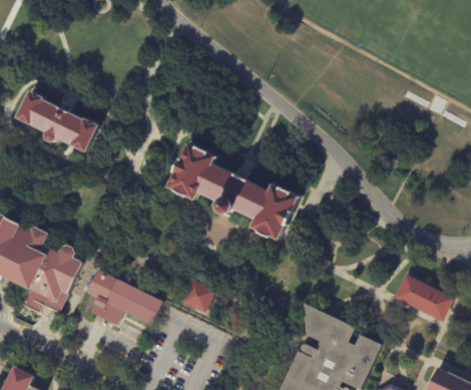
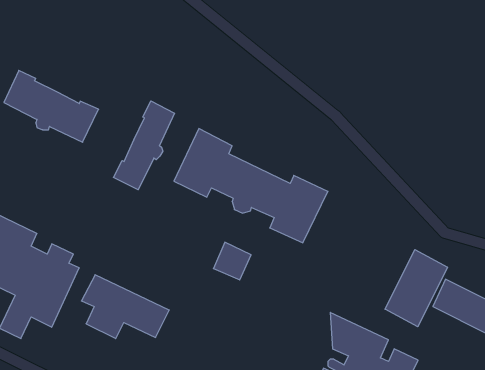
building: none -> [113,101,174,190]
building: none -> [385,250,447,327]
building: [180,279,213,312] -> [213,242,251,280]

